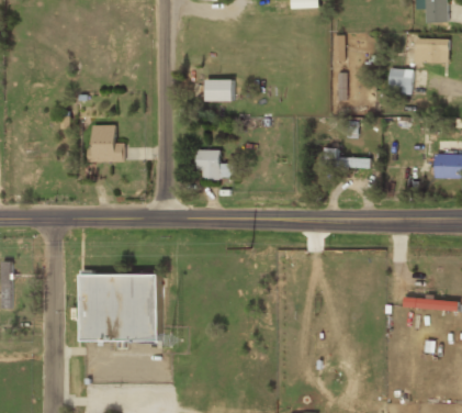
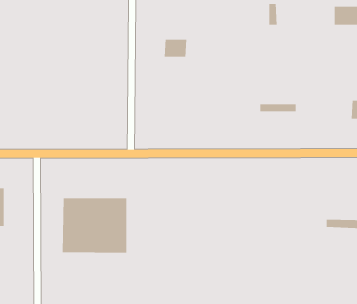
building: [388,68,413,93] -> none
building: [90,125,125,161] -> none
building: [196,149,233,178] -> none

